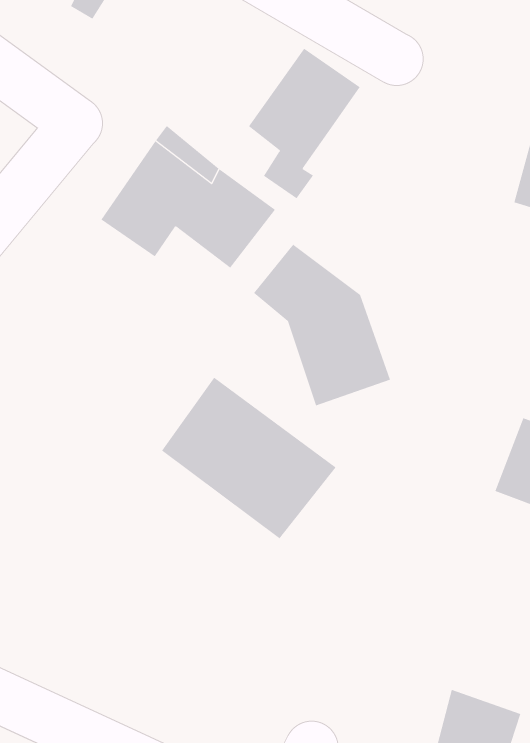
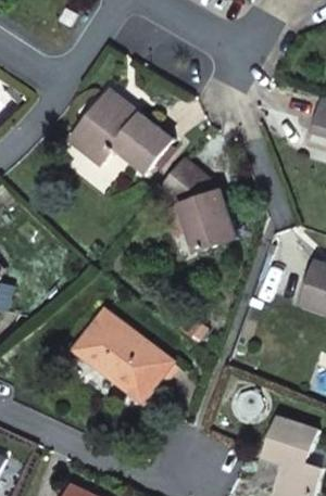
building: [248,48,361,199] -> none
building: [161,377,337,539] -> [72,305,173,398]

